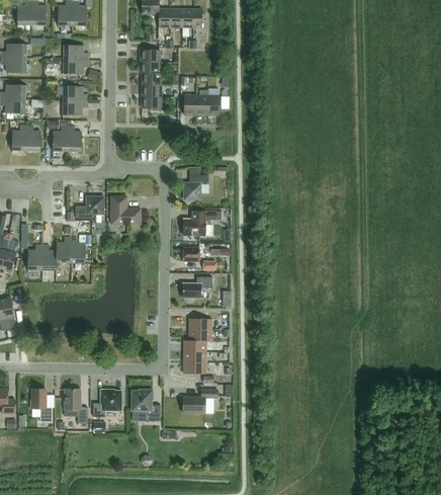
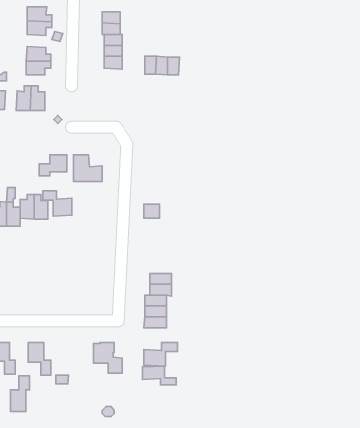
building: [184,175,208,201] -> none
building: [183,211,223,235] -> none
building: none -> [43,191,72,216]
building: [182,276,211,298] -> none
building: [93,389,121,416] -> none
building: none -> [143,366,176,385]
building: none -> [11,376,29,411]

